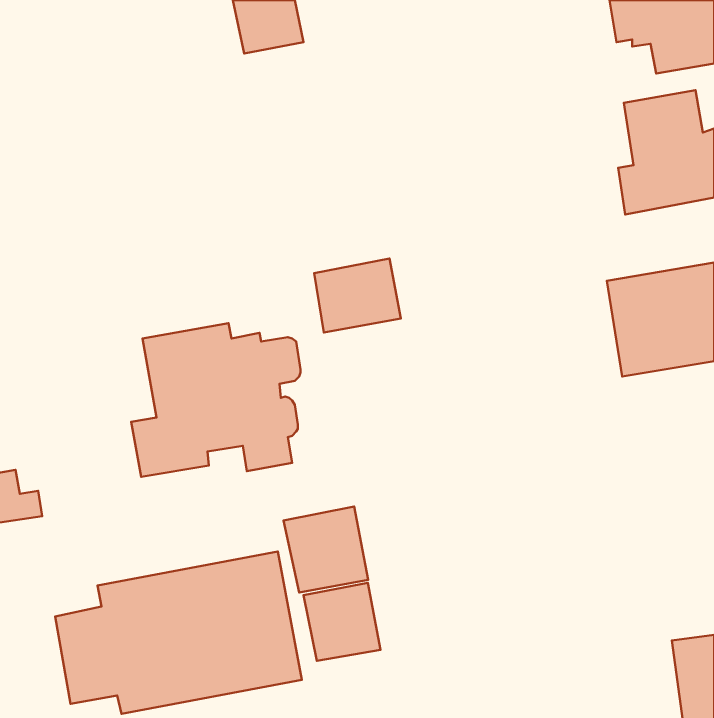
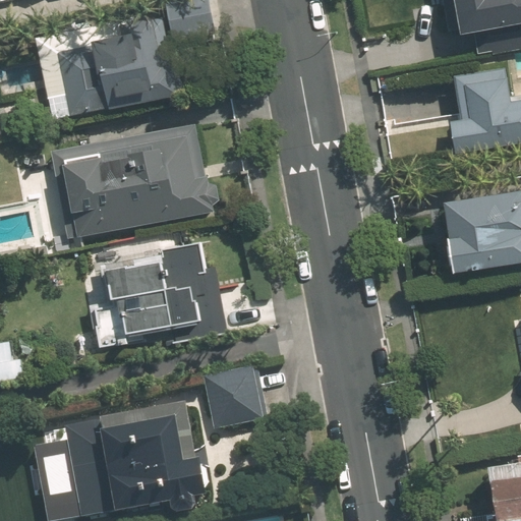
building: none -> [38,12,188,118]
building: none -> [55,121,225,237]
building: [314,259,401,333] -> none
building: [304,583,380,661] -> none

